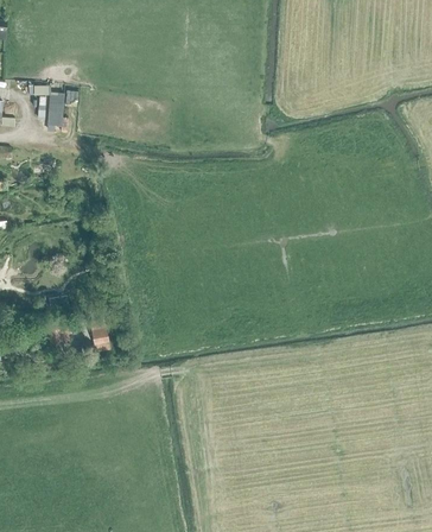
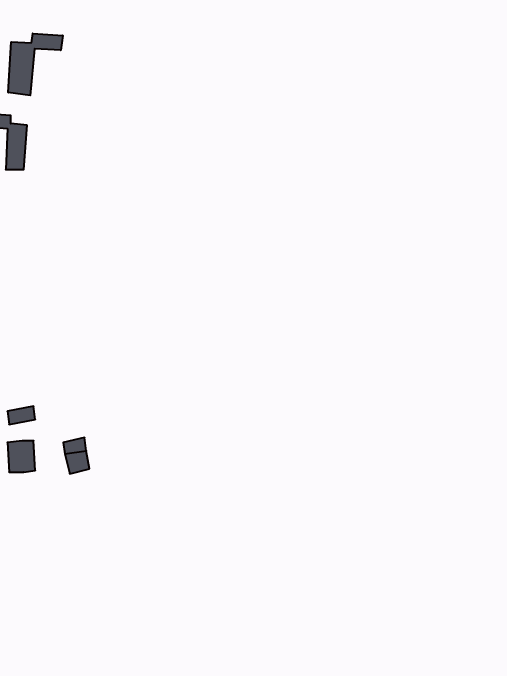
building: none -> [8,33,63,95]

